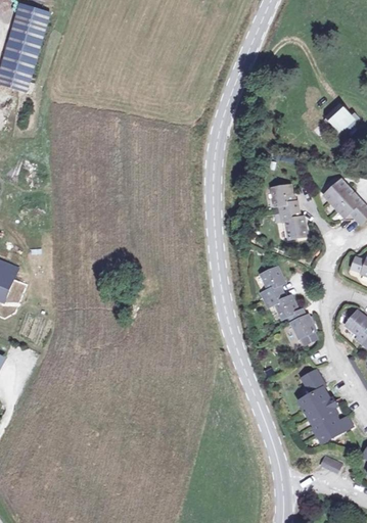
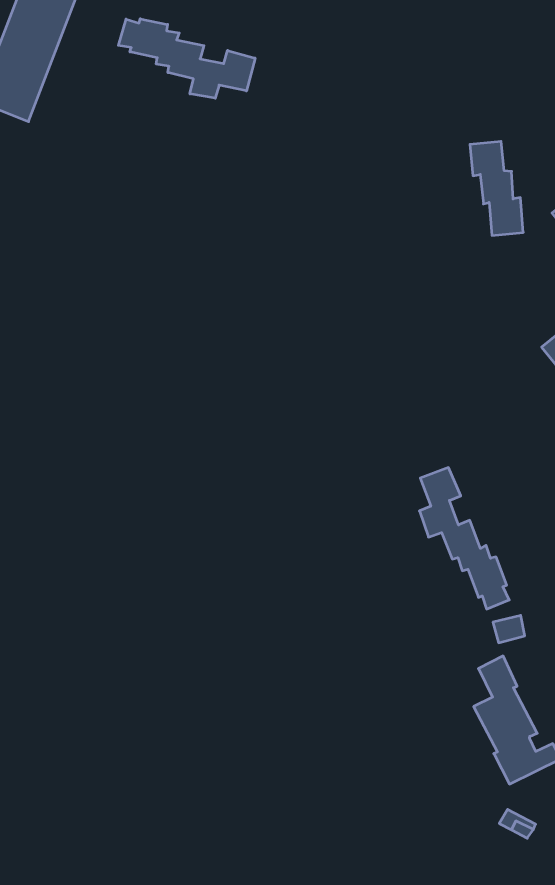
building: none -> [118,19,255,98]
building: [272,185,306,238] -> [470,141,523,235]

